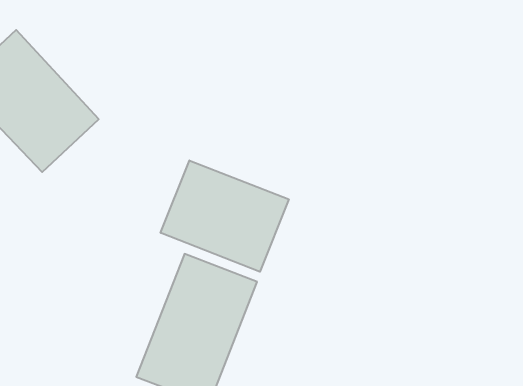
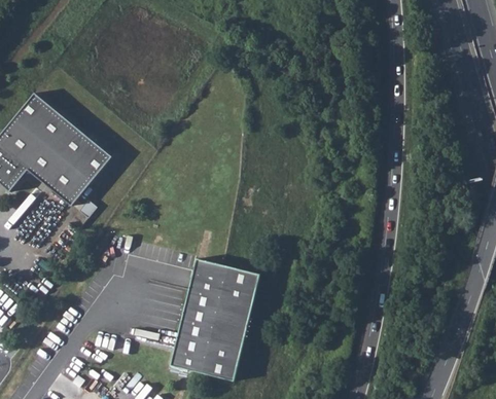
building: [161,160,289,272] -> none

